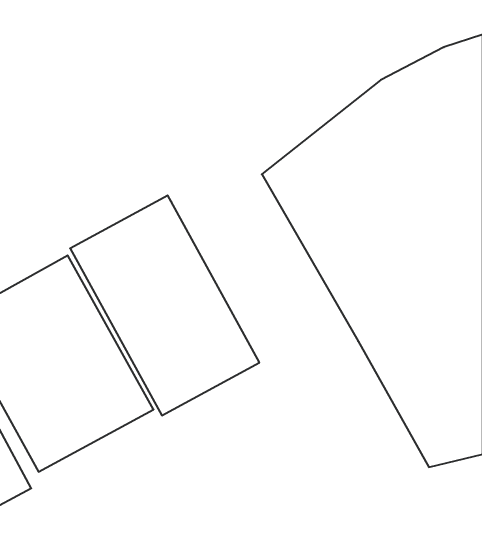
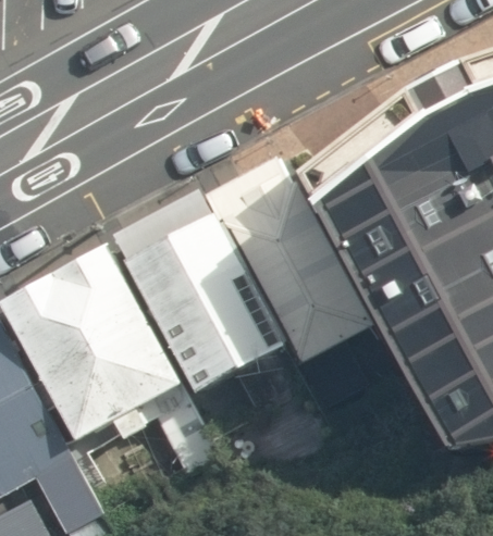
building: none -> [204,159,377,371]

